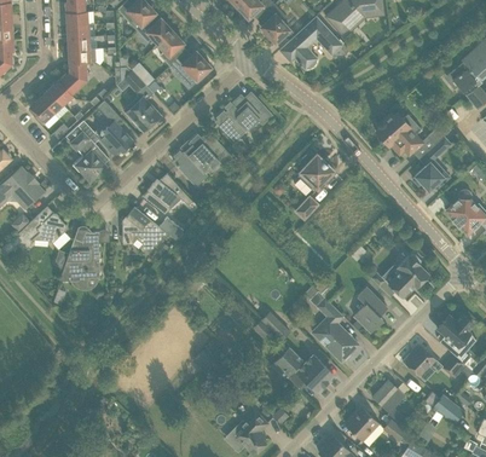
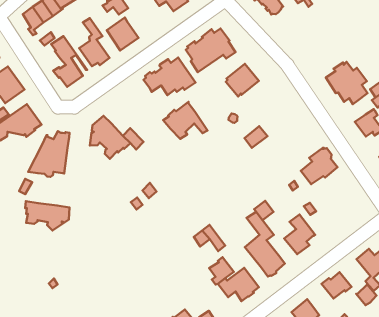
building: [297,154,334,191] -> [226,64,259,97]
building: [141,172,192,214] -> [163,102,207,139]
building: [388,254,428,296] -> [301,148,337,184]
building: none -> [25,201,69,231]

